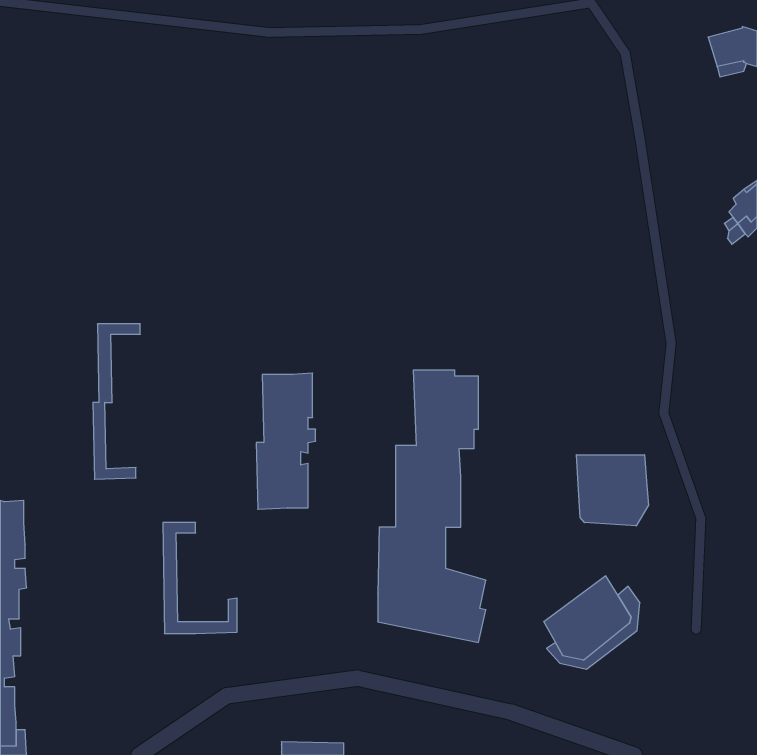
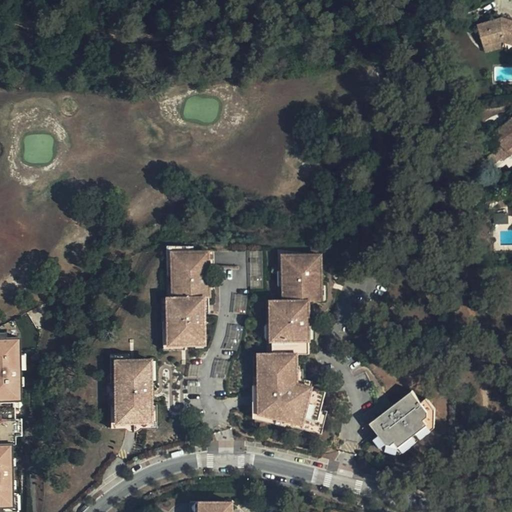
building: [93,324,140,479] -> [165,246,197,351]
building: [576,455,649,526] -> none
building: none -> [119,359,154,420]

